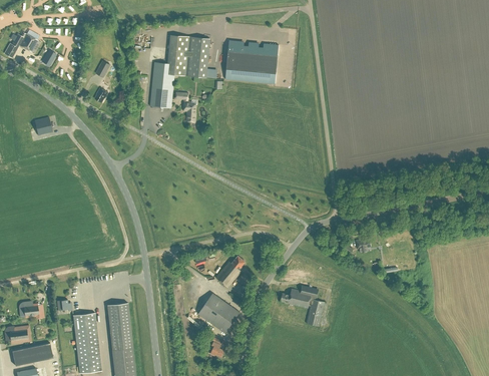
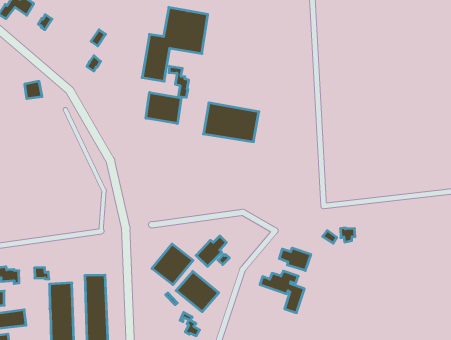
building: [225,44,279,79] -> [203,103,259,142]
building: none -> [146,92,181,124]
building: none -> [279,248,311,271]
building: none -> [152,244,193,285]

